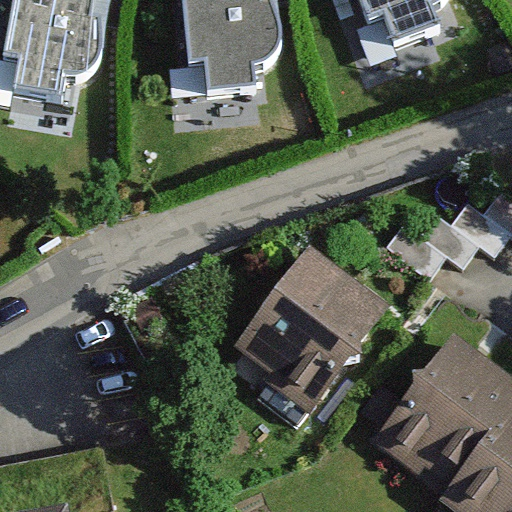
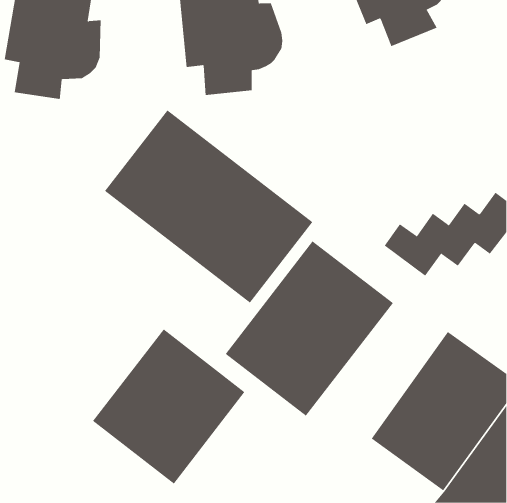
building: none -> [104,109,313,303]
building: none -> [92,328,245,484]

